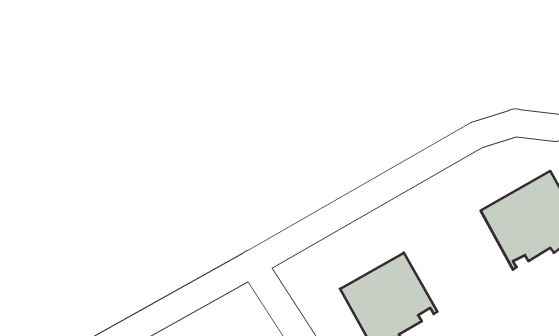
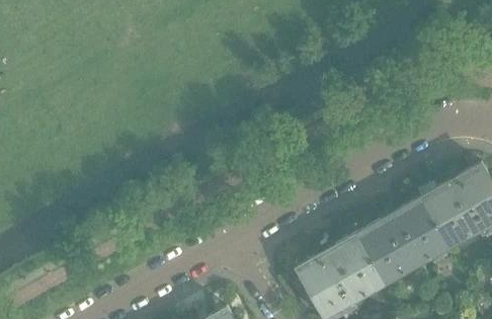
building: none -> [357,198,449,284]

